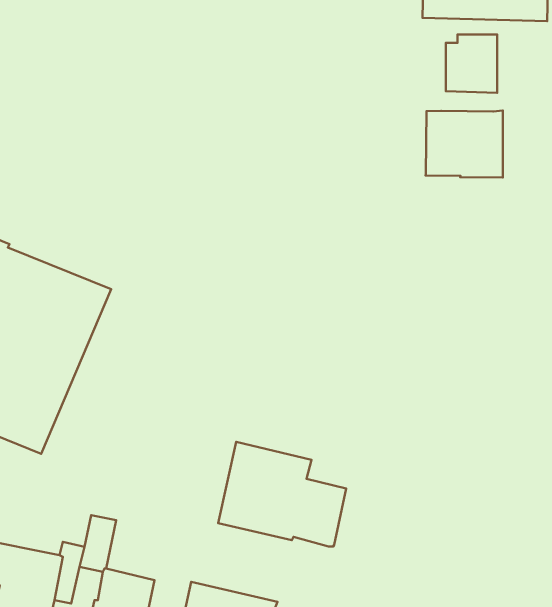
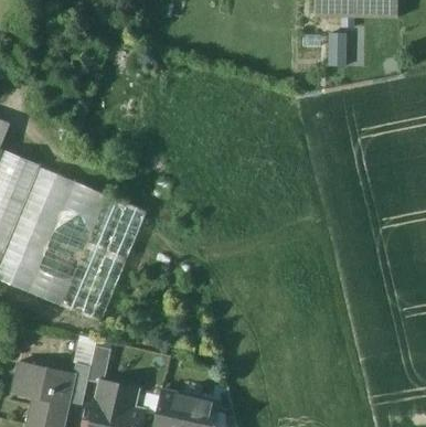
building: [425,111,503,177] -> none
building: none -> [61,195,143,320]
building: [218,442,346,546] -> none

